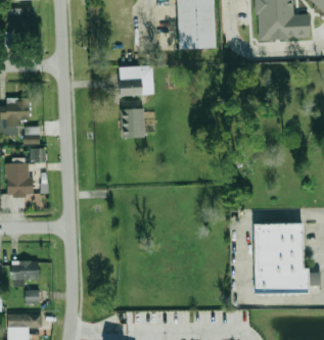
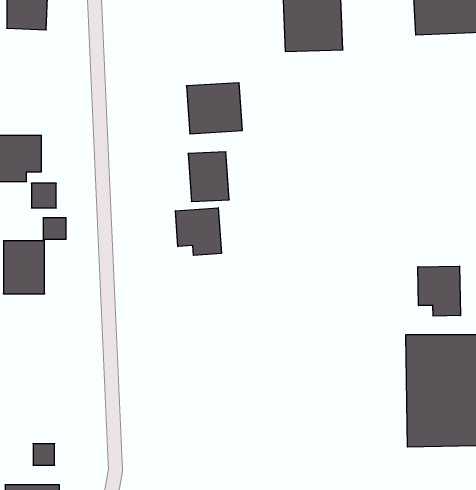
building: none -> [175,208,221,255]
building: none -> [418,266,460,316]
building: [10,262,37,283] -> none

